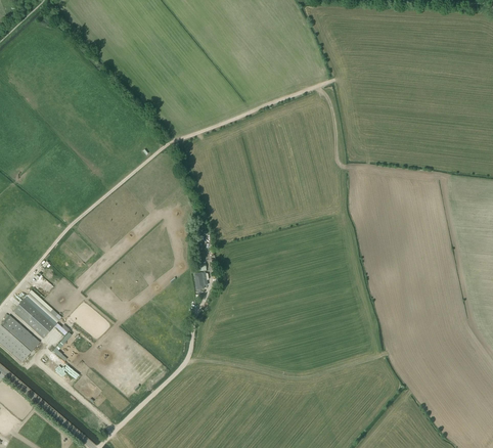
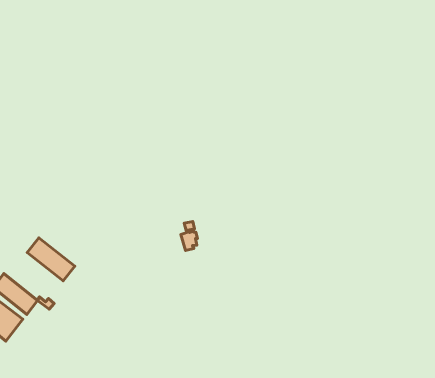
building: none -> [27,238,75,281]

